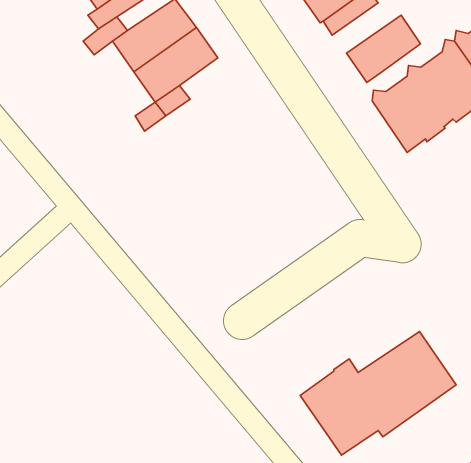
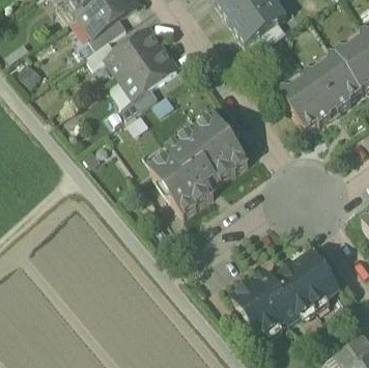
building: [346,15,420,82] -> none
building: none -> [149,113,248,214]

